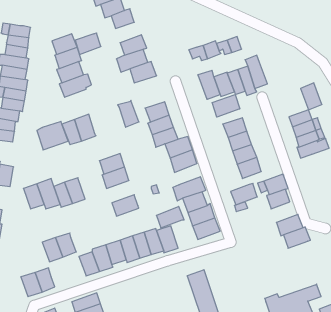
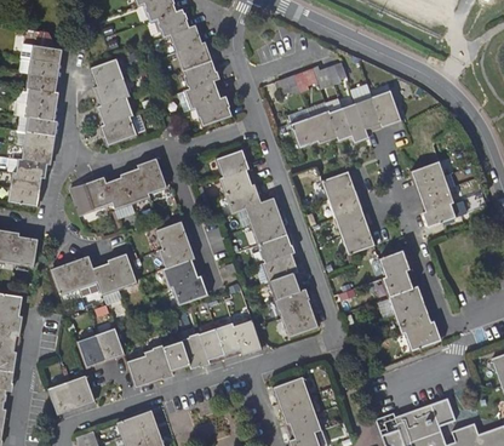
building: [75,33,101,55] -> [176,41,211,70]
building: [301,83,322,110] -> [371,90,400,126]
building: [212,95,240,117] -> none
building: [118,100,139,127] -> [137,158,166,194]
building: none -> [160,257,201,288]
building: [231,183,257,205] -> [386,285,423,314]
building: [156,206,184,228] -> [256,234,293,263]

